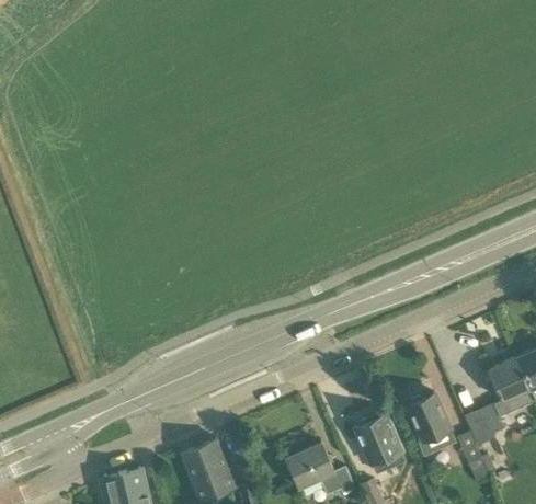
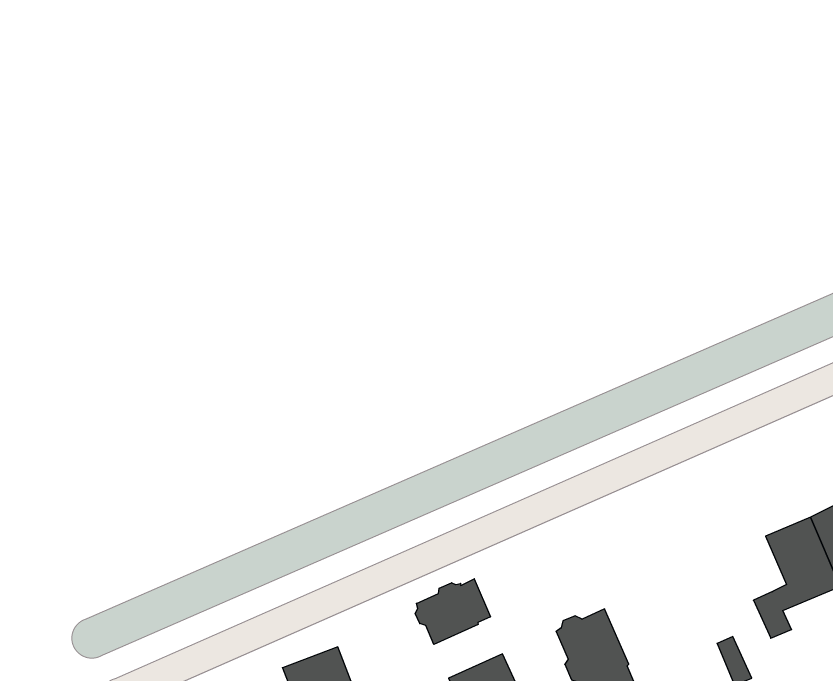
building: [407,393,455,446] -> none
building: none -> [415,579,490,644]

